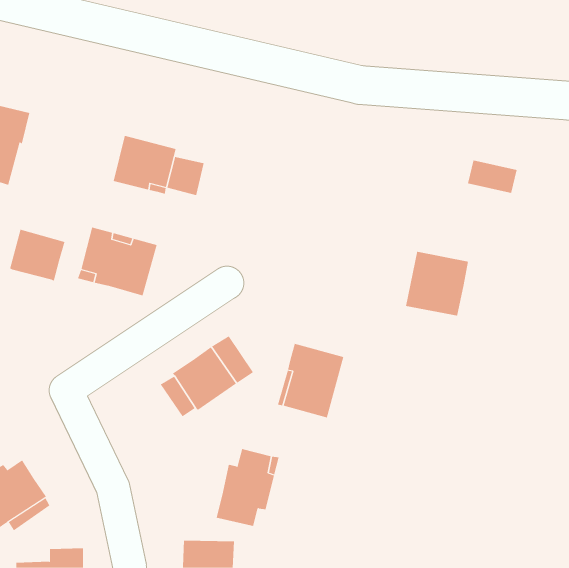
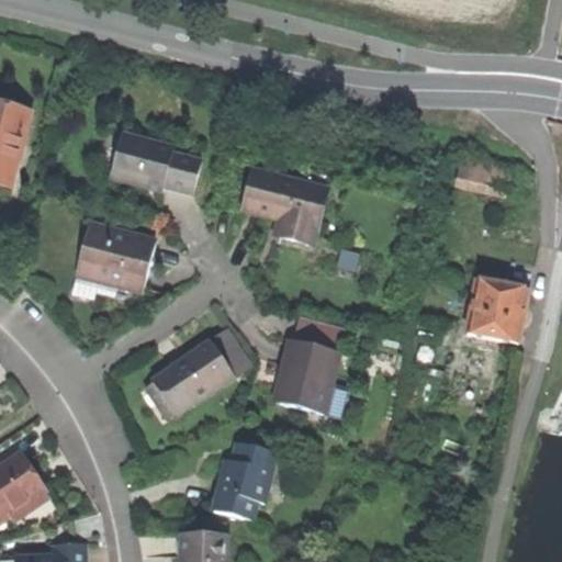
building: none -> [241,169,325,244]
building: [9,229,65,282] -> none
building: [405,251,469,316] -> [464,279,527,342]

